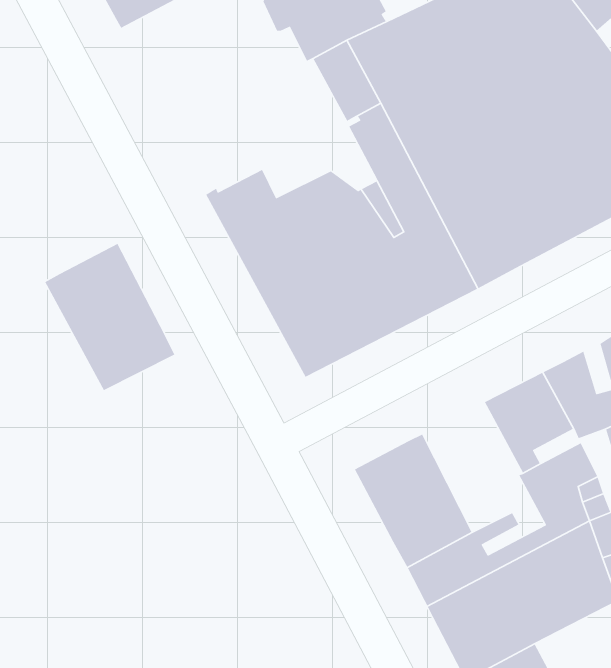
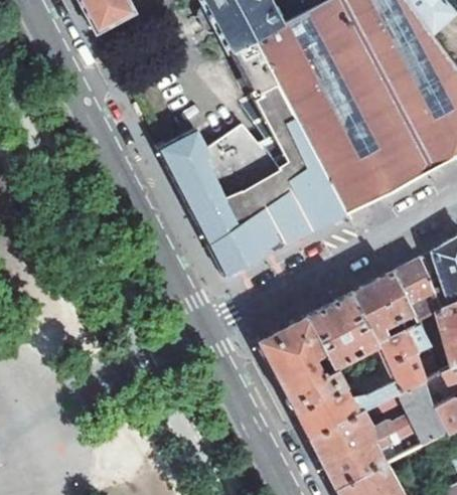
building: [44,243,175,391] -> none
building: none -> [308,293,378,384]

